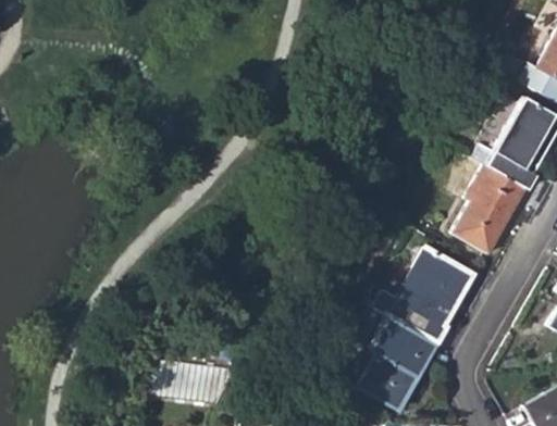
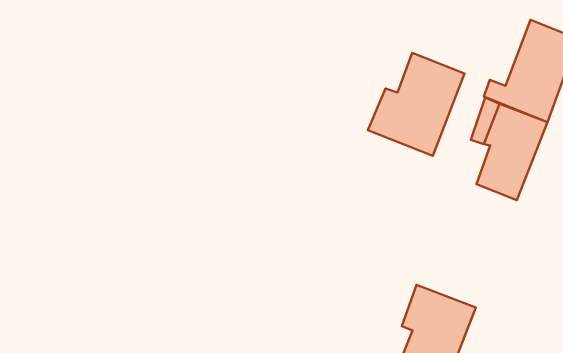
building: none -> [368,53,464,156]
building: [373,246,473,343] -> none

